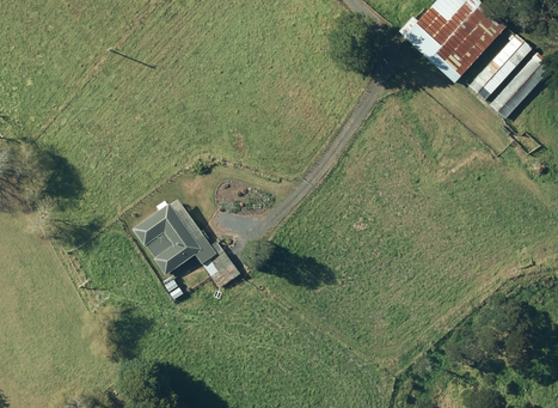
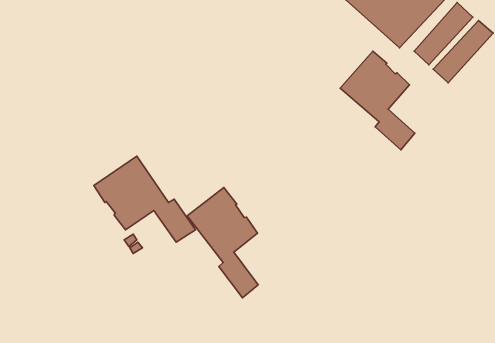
building: none -> [340,51,415,150]
building: none -> [187,187,258,298]

